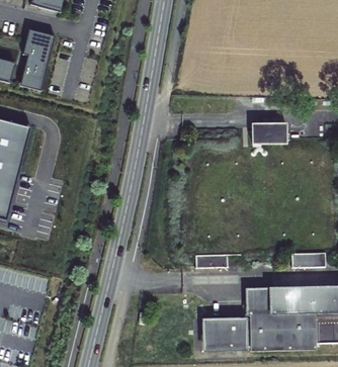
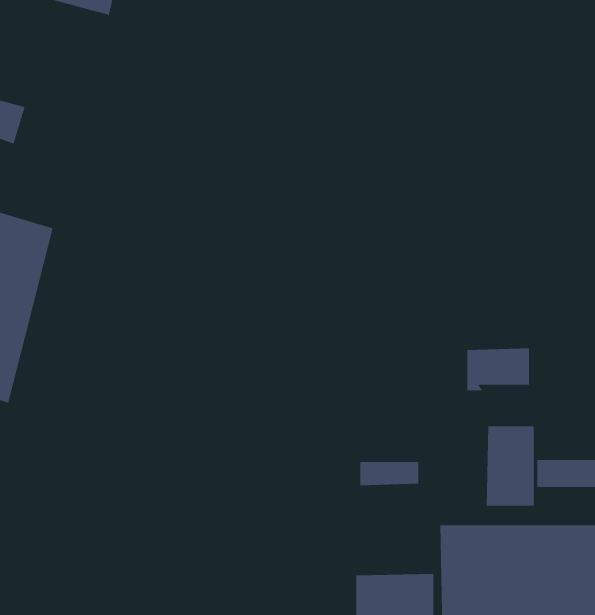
building: [19,29,55,90] -> none
building: [253,122,287,146] -> [467,348,530,391]
building: none -> [486,425,534,506]

